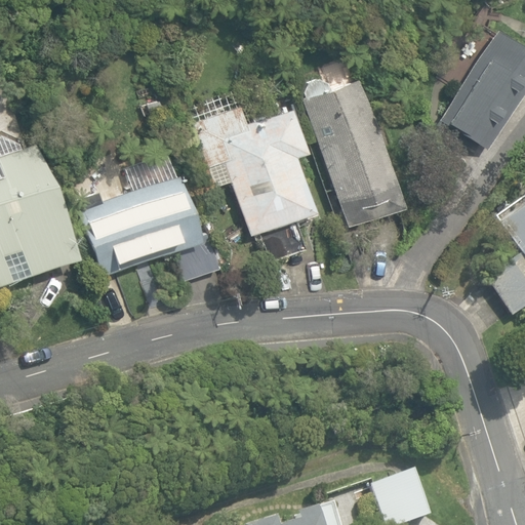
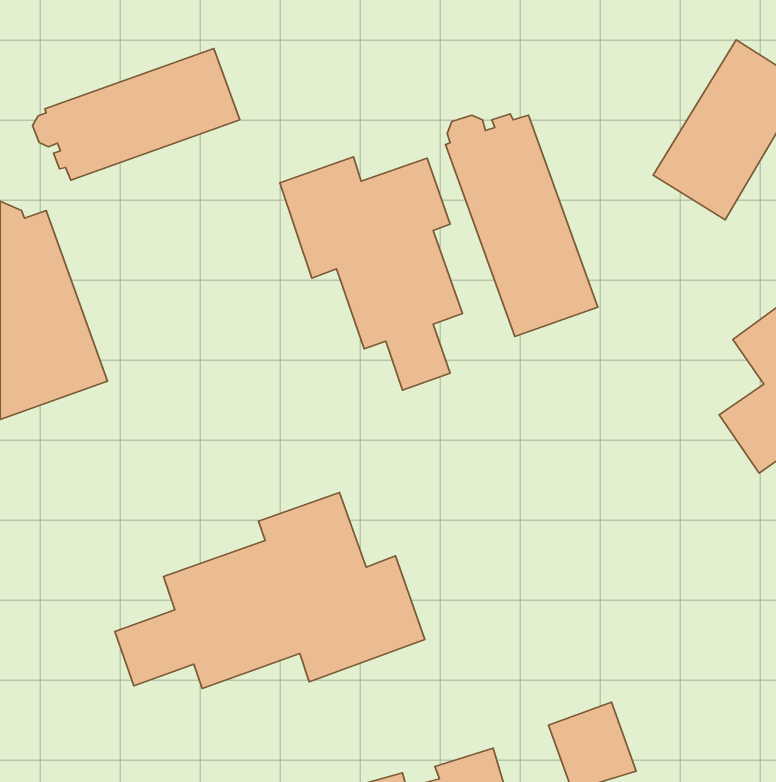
building: none -> [32,49,240,180]
building: [76,154,219,280] -> none
building: none -> [115,493,425,689]

